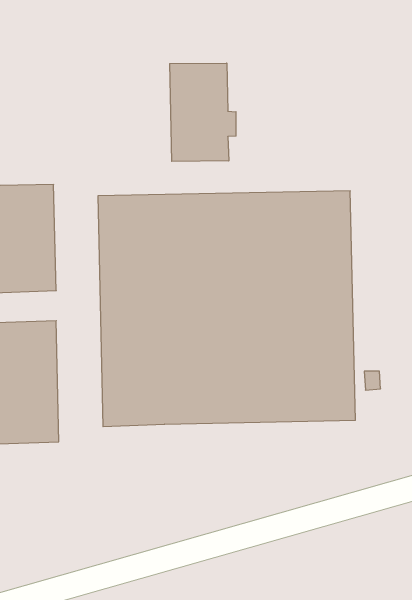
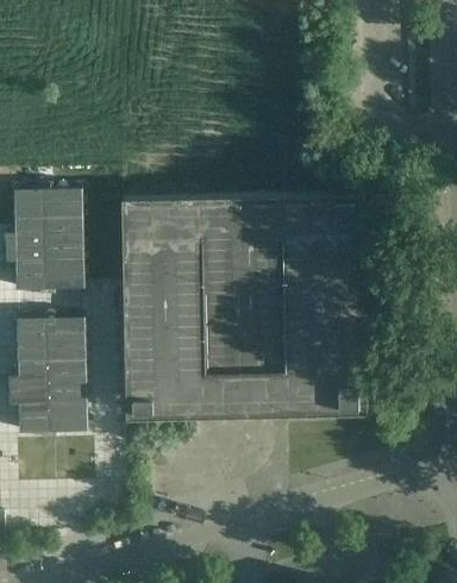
building: [170,63,236,161] -> none

